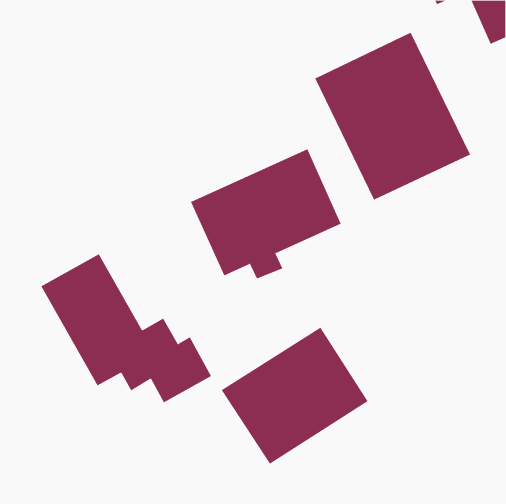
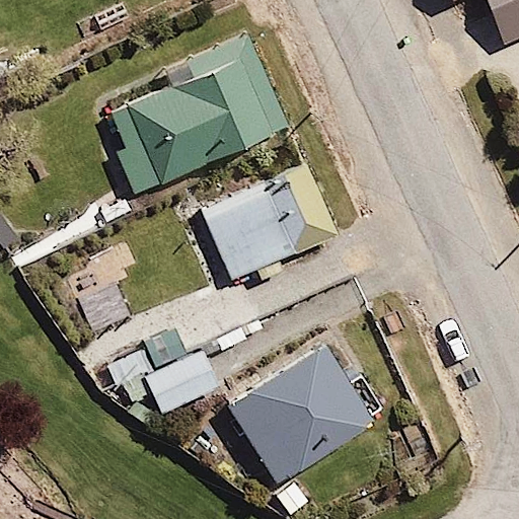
building: none -> [108,31,293,203]
building: [315,32,471,201] -> none

